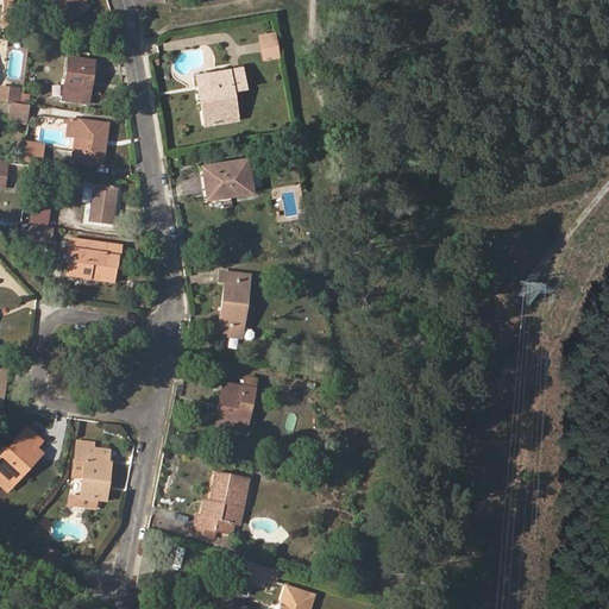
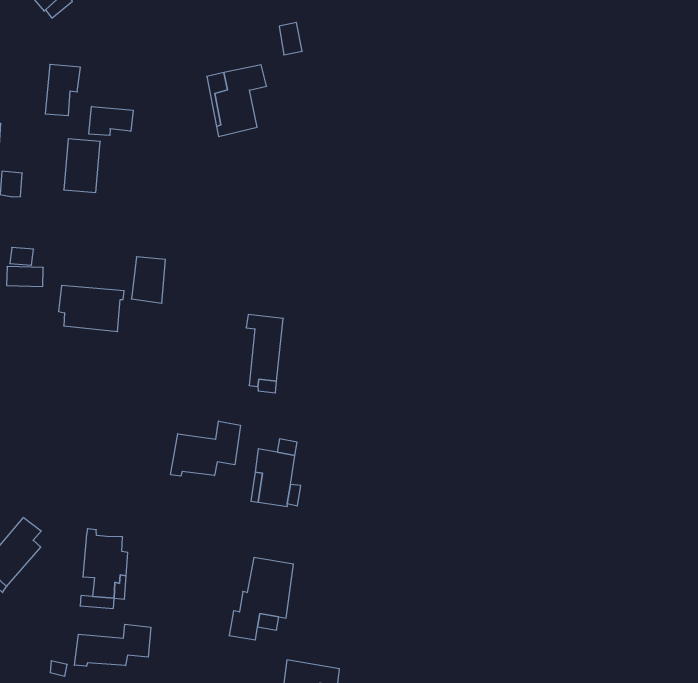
building: none -> [89,106,133,135]
building: [203,157,252,196] -> none
building: [88,184,118,224] -> [131,257,165,303]
building: none -> [171,421,240,476]
building: none -> [74,624,151,666]

